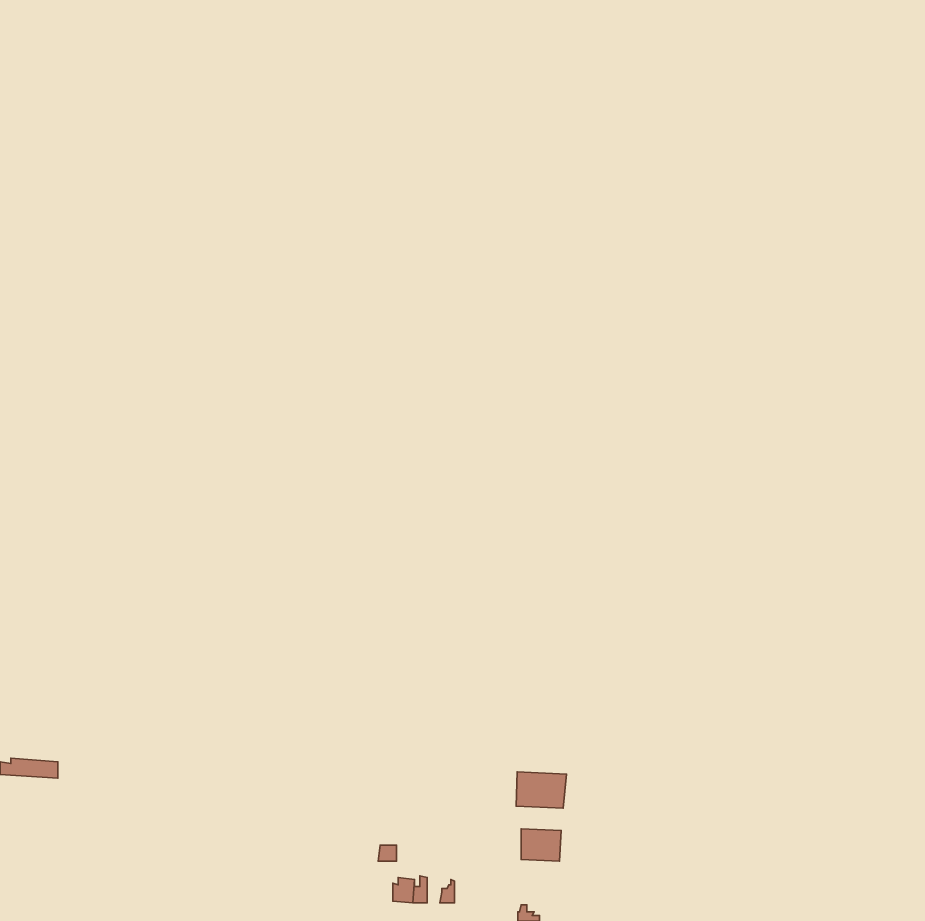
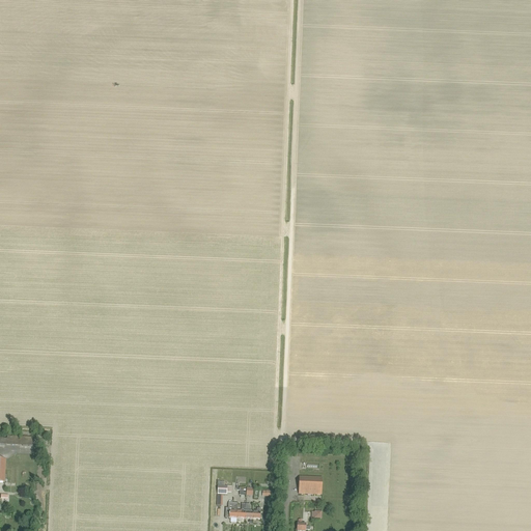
building: [516,772,567,808] -> none

